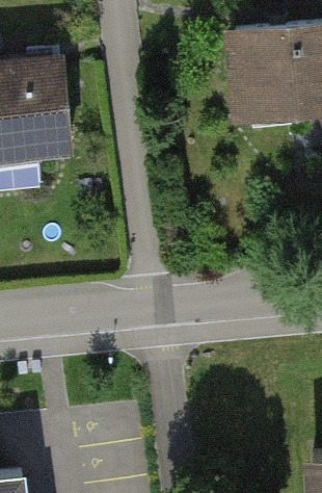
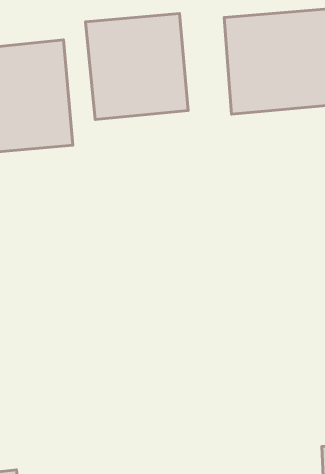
building: none -> [86,14,188,120]

